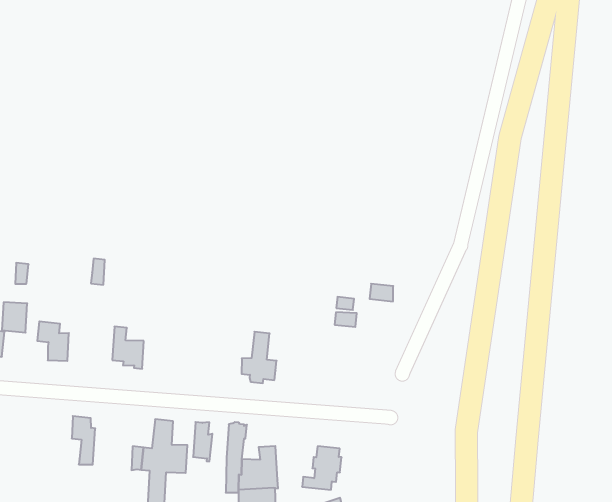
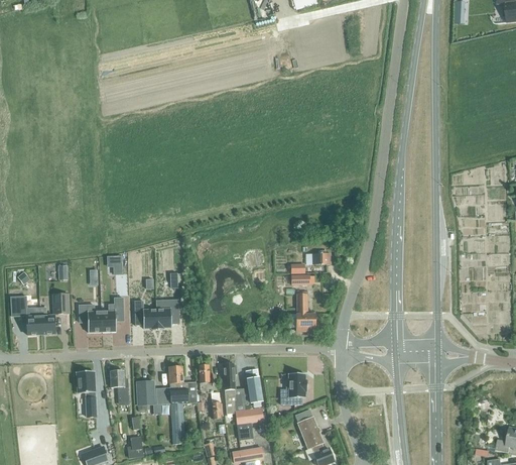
building: none -> [101,298,123,331]
building: none -> [155,301,178,331]
building: [242,332,277,383] -> [289,294,314,330]
building: none -> [77,370,96,417]
building: none -> [136,381,153,413]

